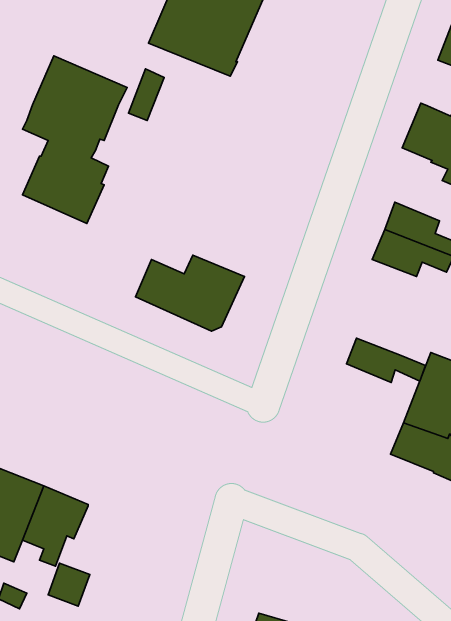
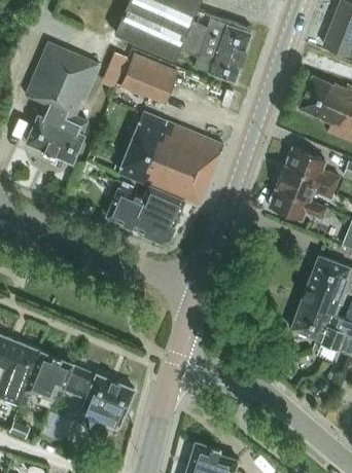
building: none -> [179,19,251,81]
building: none -> [121,56,177,104]
building: none -> [117,112,223,206]
building: [347,338,425,383] -> [270,188,326,220]
building: none -> [63,365,135,426]

